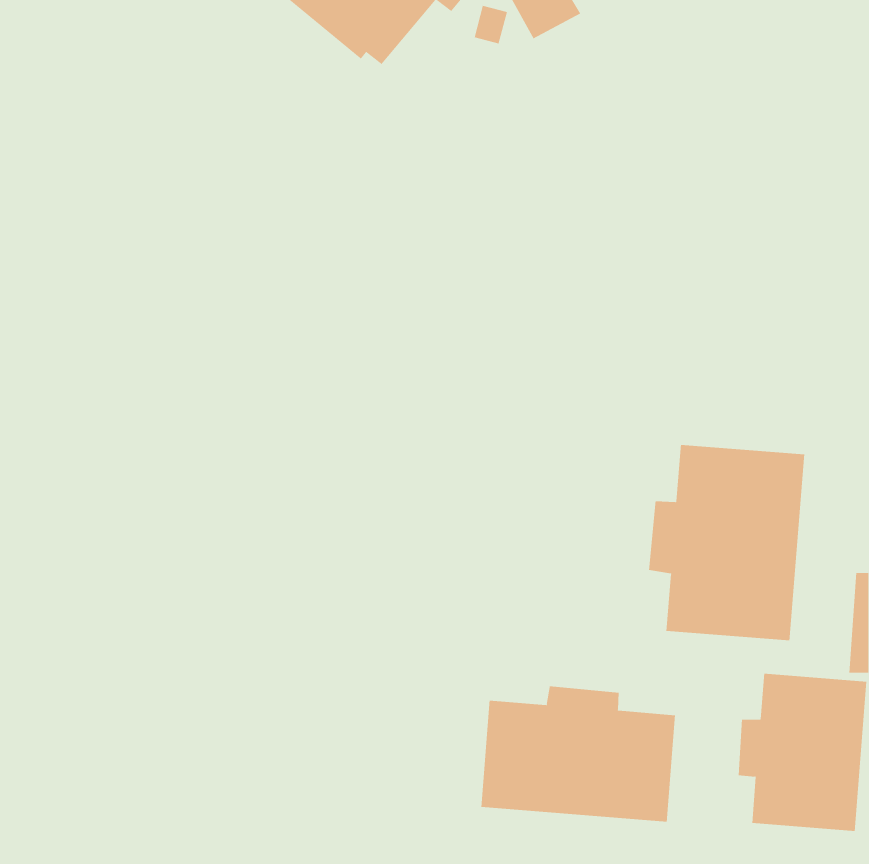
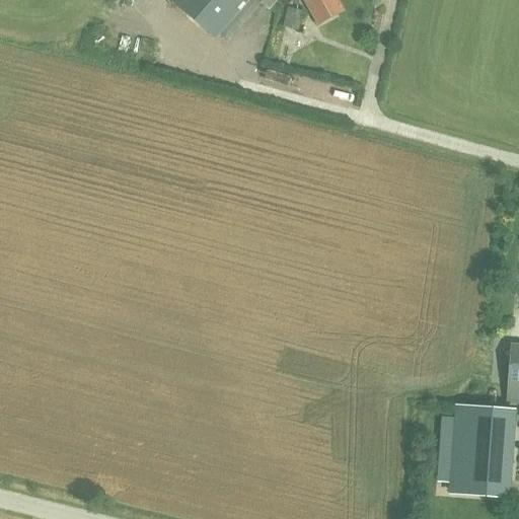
building: [648,444,805,641] -> none
building: [481,685,676,822] -> none

